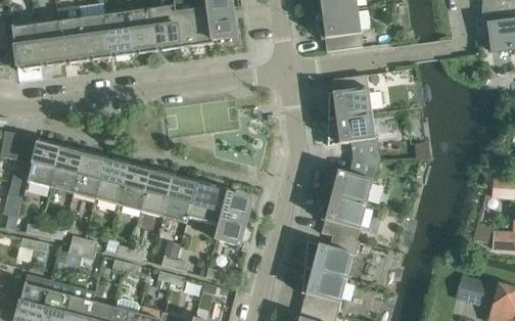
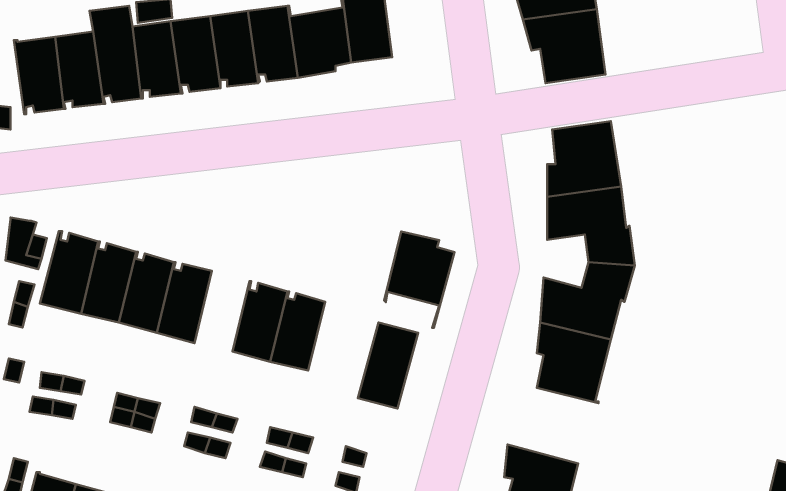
building: [119,163,151,211] -> none
building: [186,181,228,238] -> [384,232,455,328]
building: [305,232,359,277] -> none

